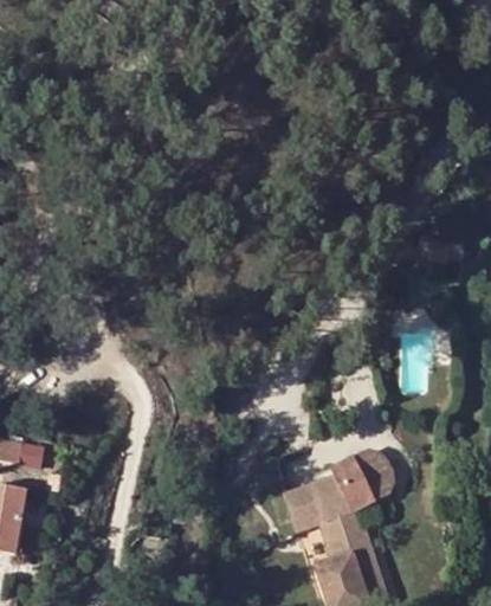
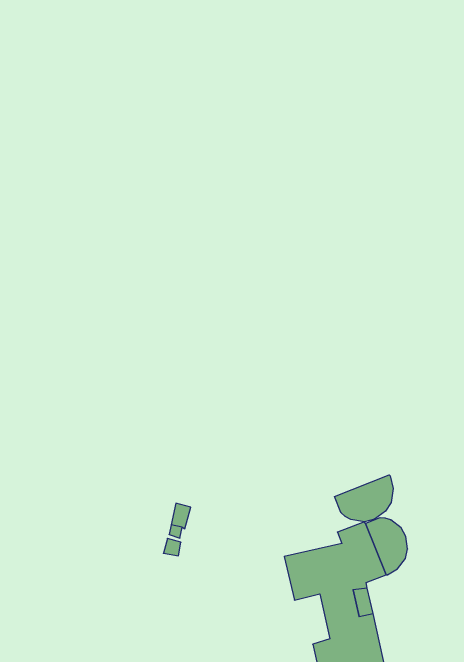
building: none -> [335,475,393,522]

